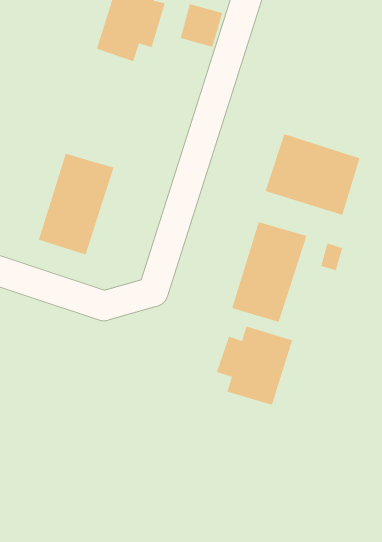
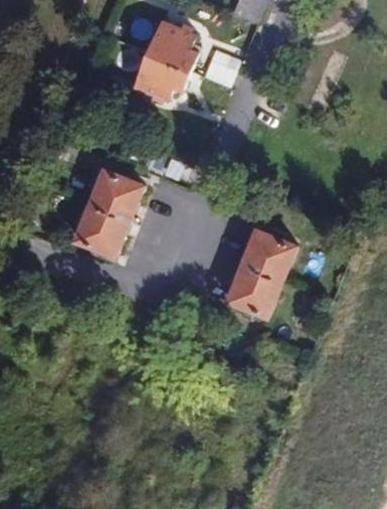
building: [264,133,360,216] -> none
building: [216,325,293,406] -> none

